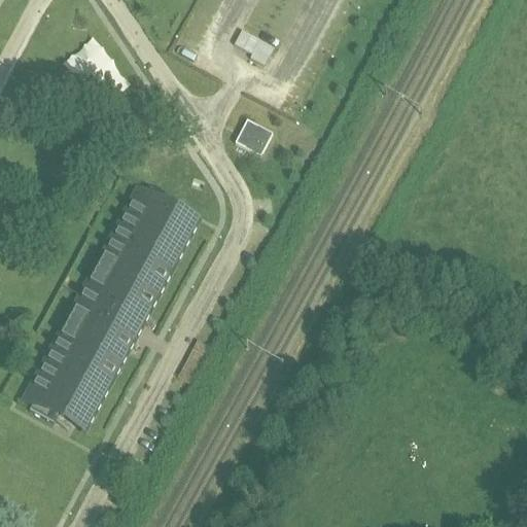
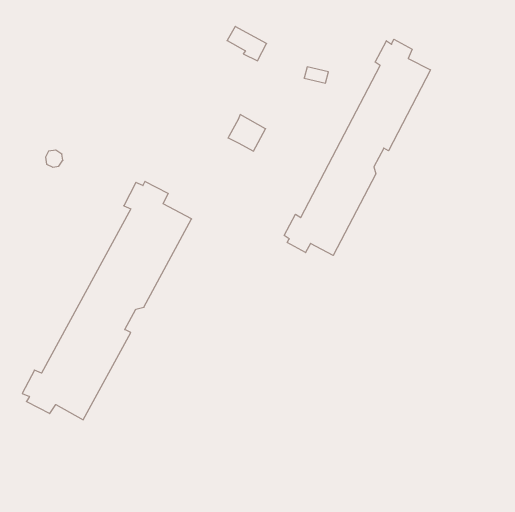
building: none -> [284,39,430,255]

